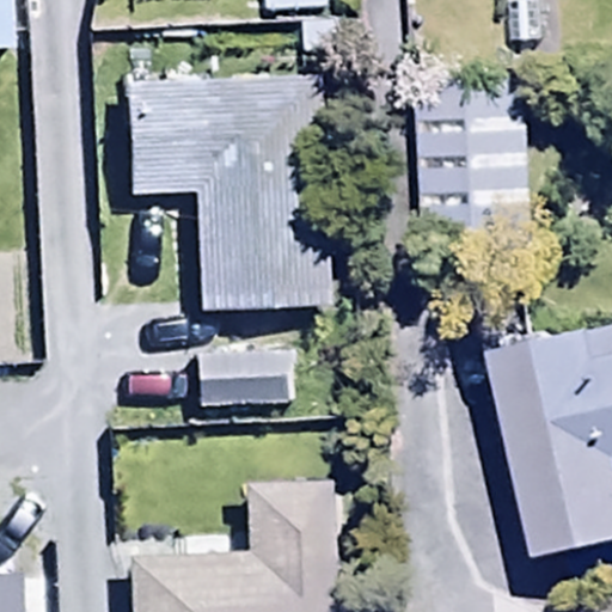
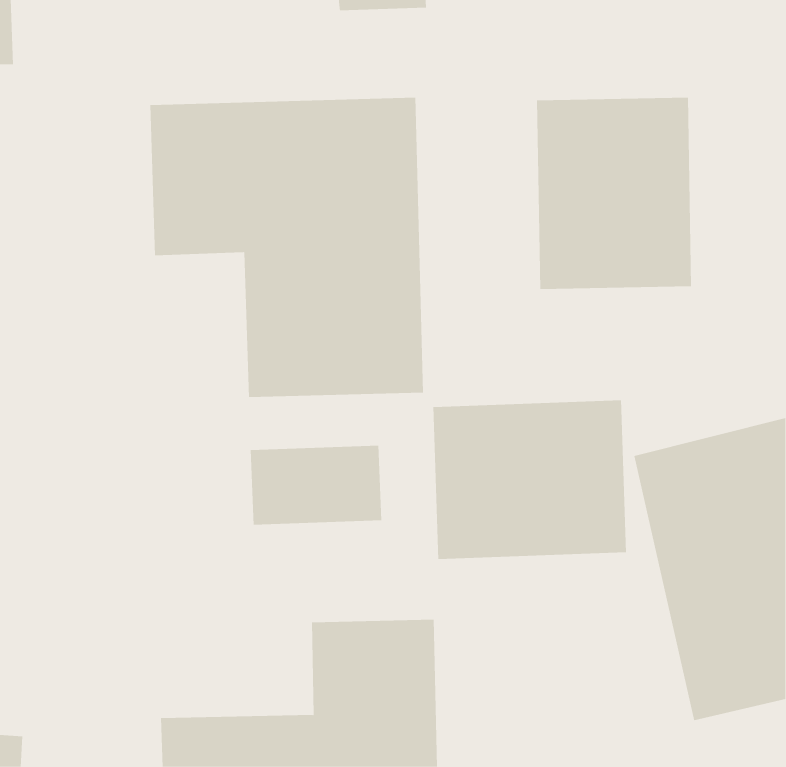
building: none -> [433,400,626,560]

